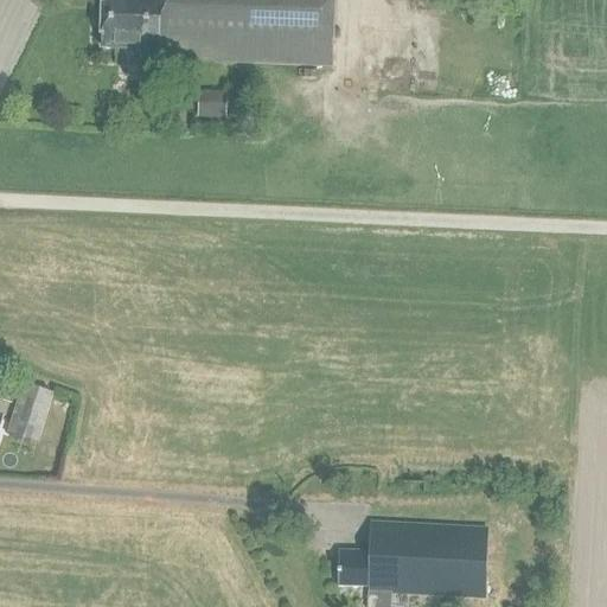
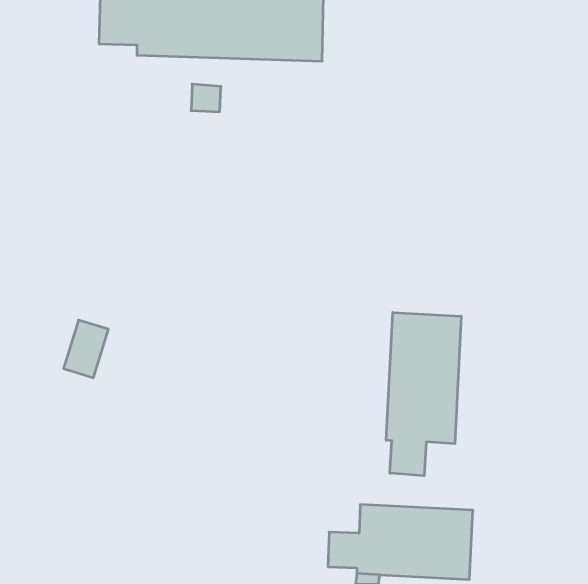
building: none -> [386,312,461,476]
building: [6,381,52,440] -> [64,320,108,378]

